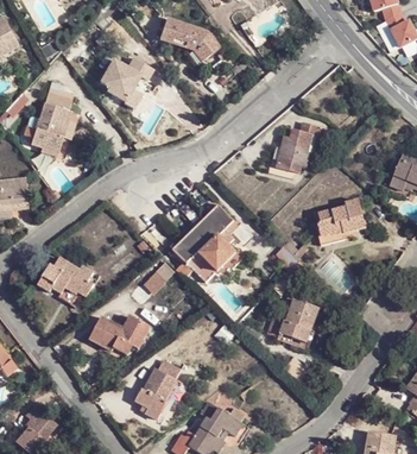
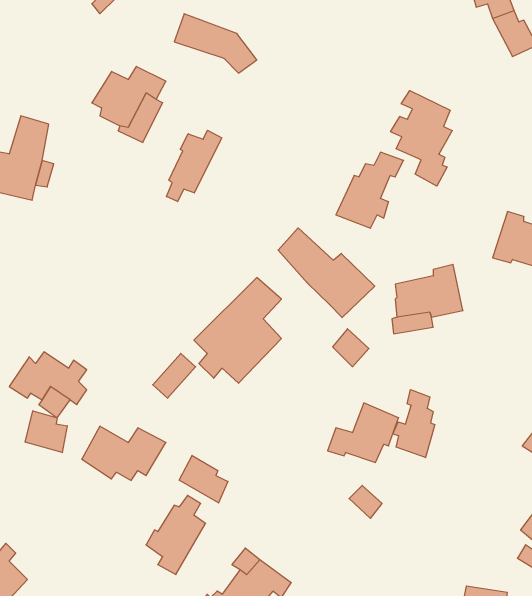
building: none -> [391,91,452,186]
building: none -> [166,130,222,202]
building: none -> [278,228,375,318]
building: none -> [393,390,435,458]
building: none -> [25,411,67,453]
building: none -> [179,455,228,503]

